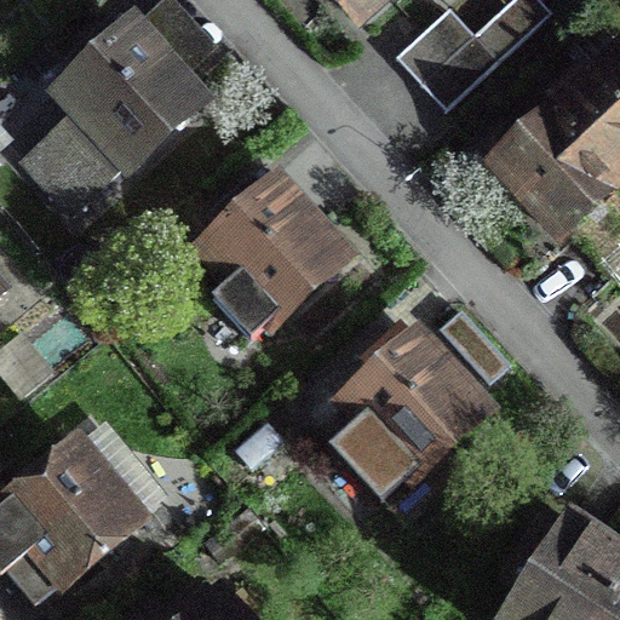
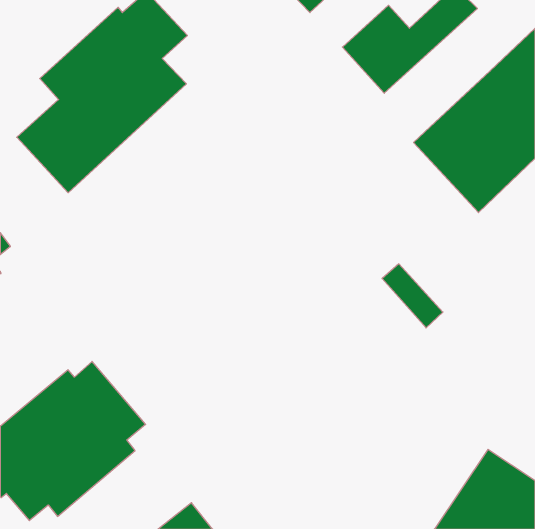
building: [186,165,362,339] -> none
building: [327,317,501,504] -> none

